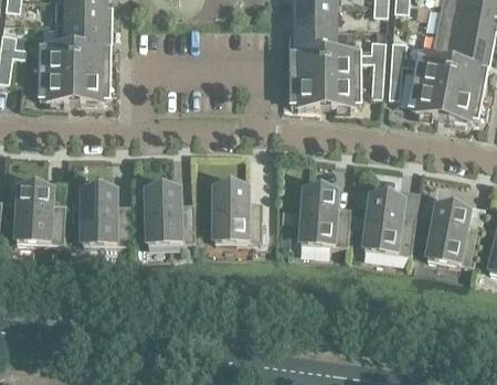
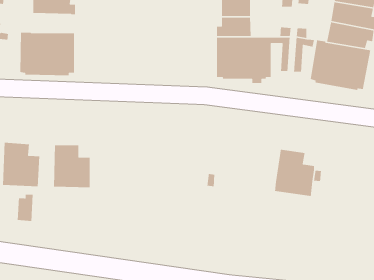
building: [54,21,104,45] -> none
building: [214,184,262,239] -> none
building: [146,186,194,242] -> none
building: [300,186,350,245] -> none
building: [426,202,480,265] -> none
building: none -> [17,194,33,222]

